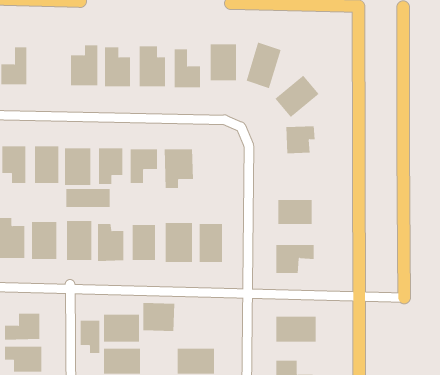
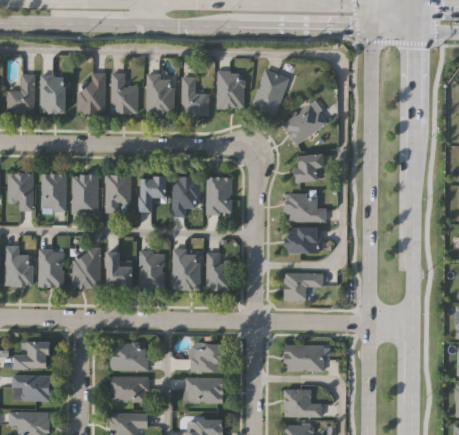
building: none -> [40,77,64,112]
building: none -> [206,177,231,213]
building: none -> [285,193,326,221]
building: [66,188,110,208] -> none
building: [142,302,175,331] -> [191,342,224,371]
building: [80,320,100,354] -> none

